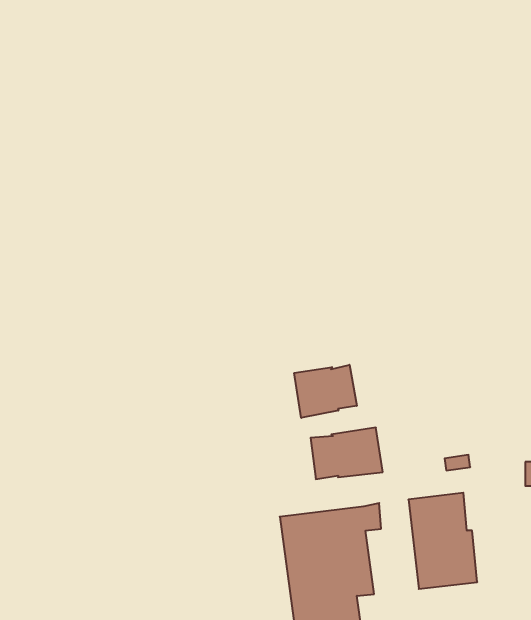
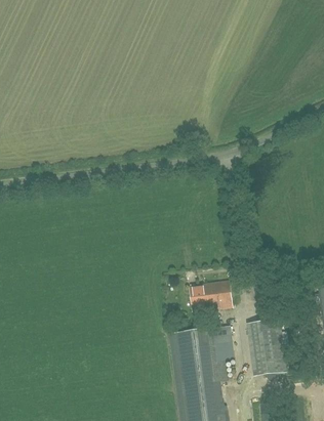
building: [294,365,357,418] -> none

